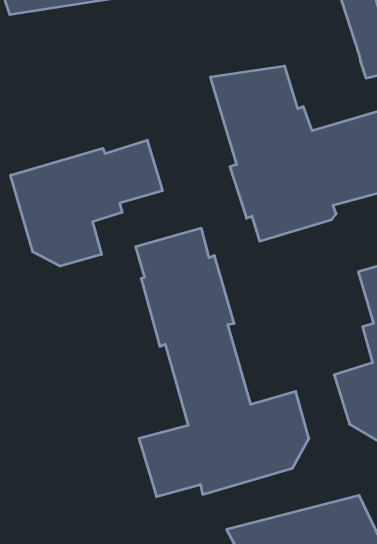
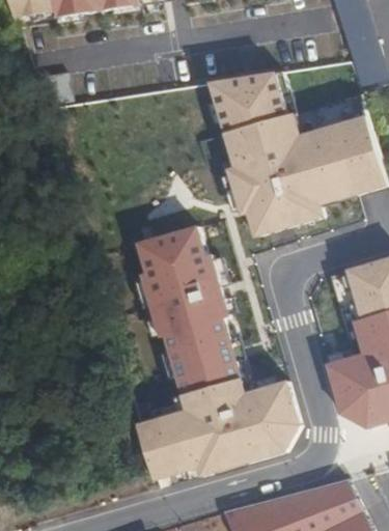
building: [11,140,162,266] -> none

